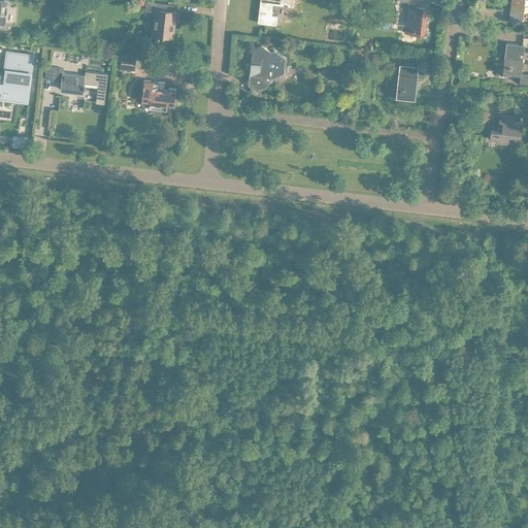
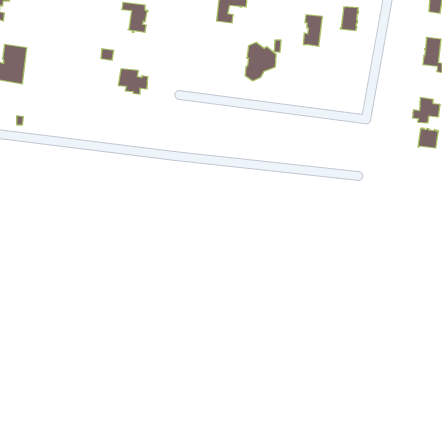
building: [248,46,285,92] -> [245,42,276,81]
building: [395,67,418,104] -> [303,15,322,46]
building: [44,68,107,105] -> none
building: none -> [418,128,438,148]

